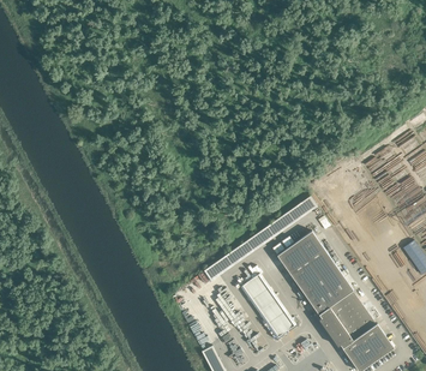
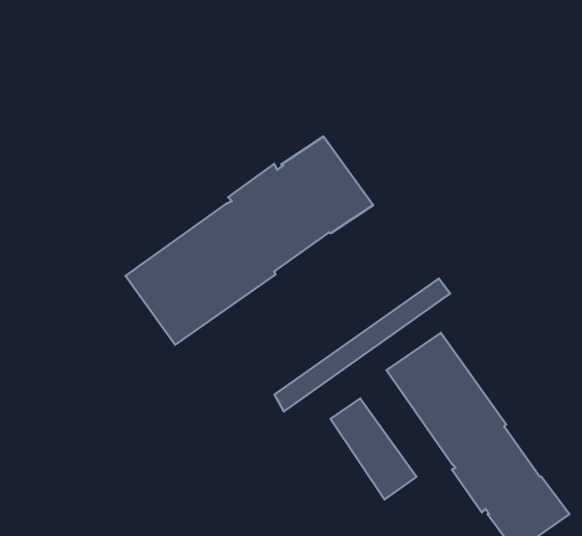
building: none -> [126,136,373,345]

